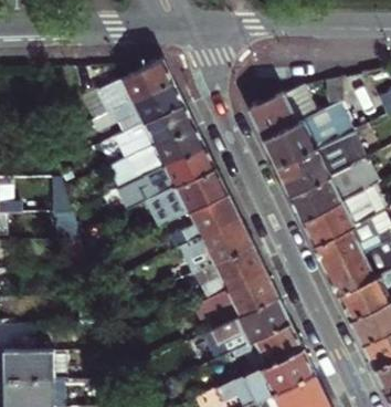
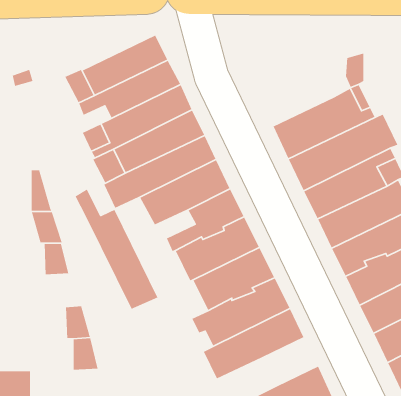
building: [246,87,315,140] -> none
building: none -> [74,189,158,310]
building: [253,324,302,366] -> none

